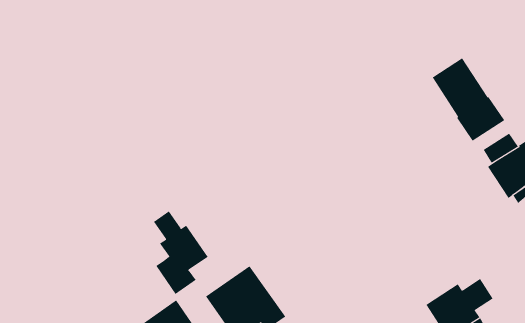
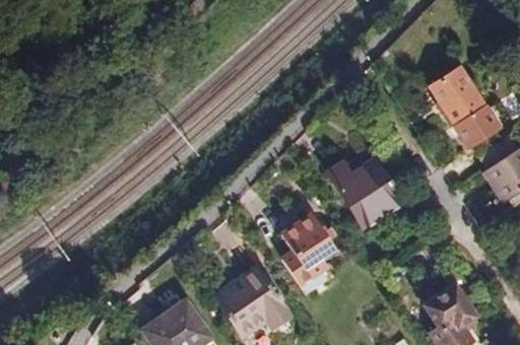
building: none -> [326,158,402,228]
building: none -> [279,213,335,286]
building: [153,211,209,295] -> none

